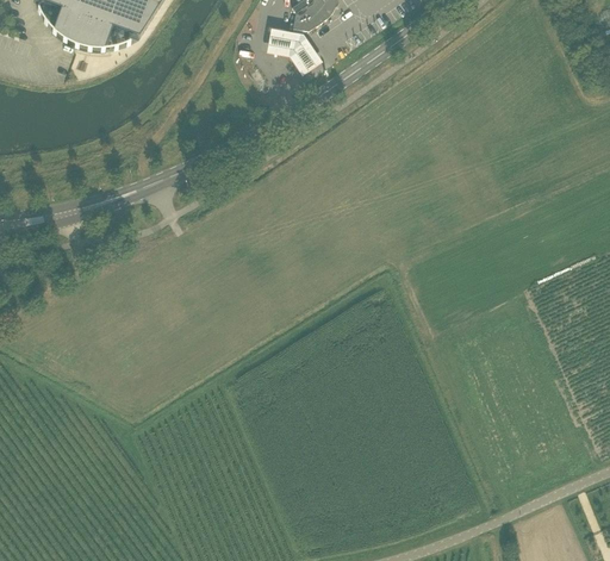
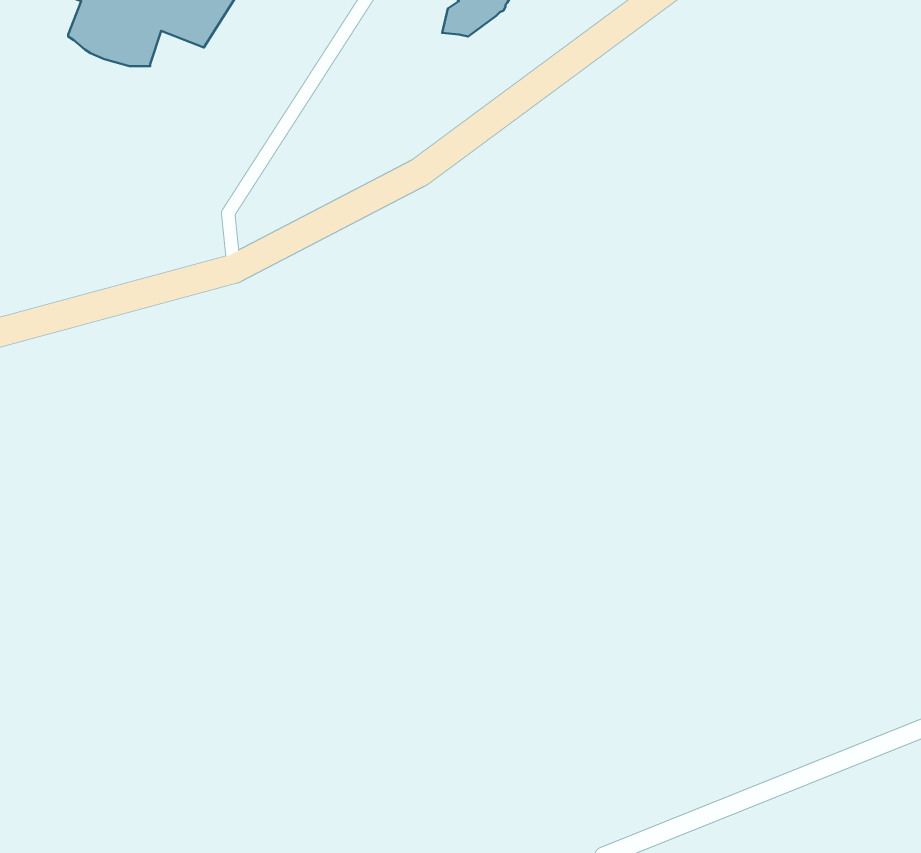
building: [266,26,322,74] -> none

